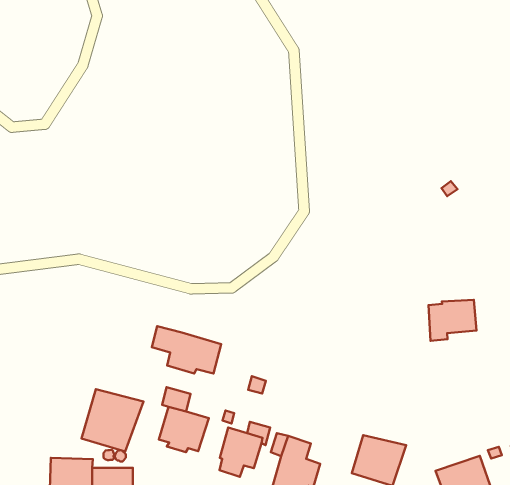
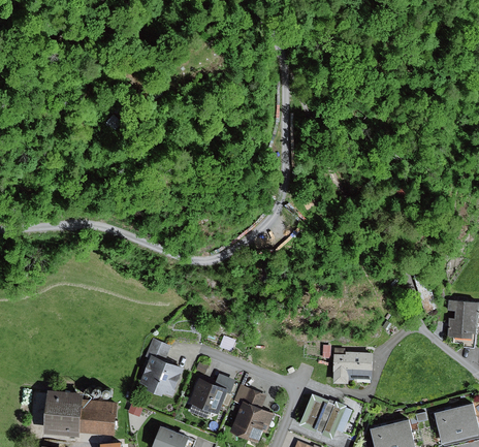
building: [429,300,476,341] -> [332,352,372,384]
building: [152,326,221,374] -> none
building: [81,389,144,451] -> none

